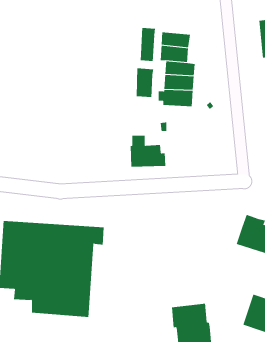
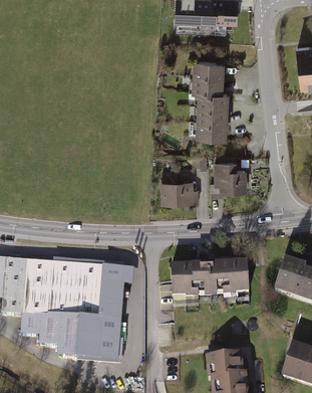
building: [140,27,156,62] -> none
building: [136,68,154,98] -> none
building: none -> [211,162,248,197]
building: none -> [171,257,249,304]

